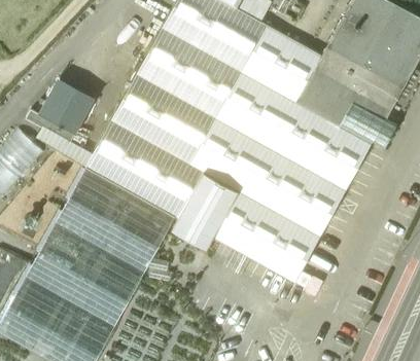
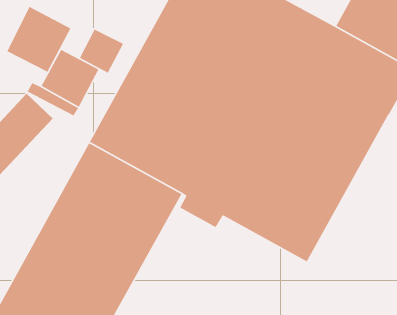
building: none -> [6,6,71,73]
building: none -> [79,28,124,74]

